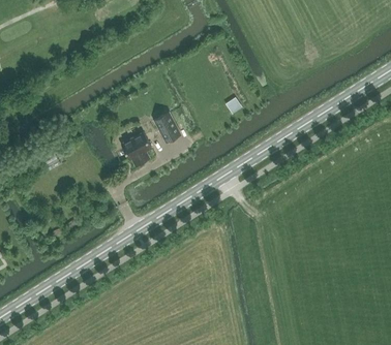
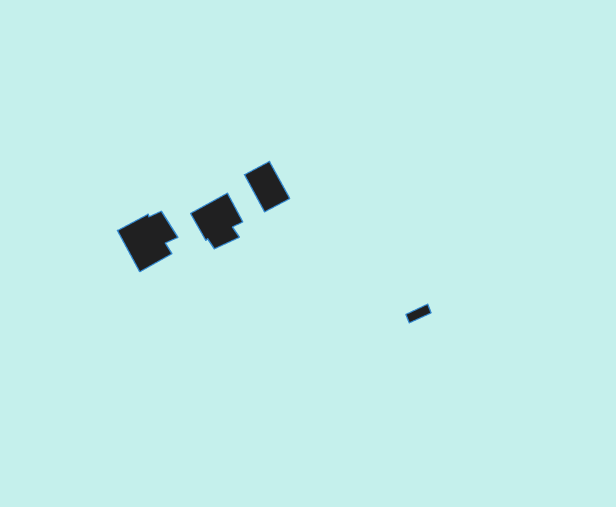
building: none -> [117,211,178,272]

